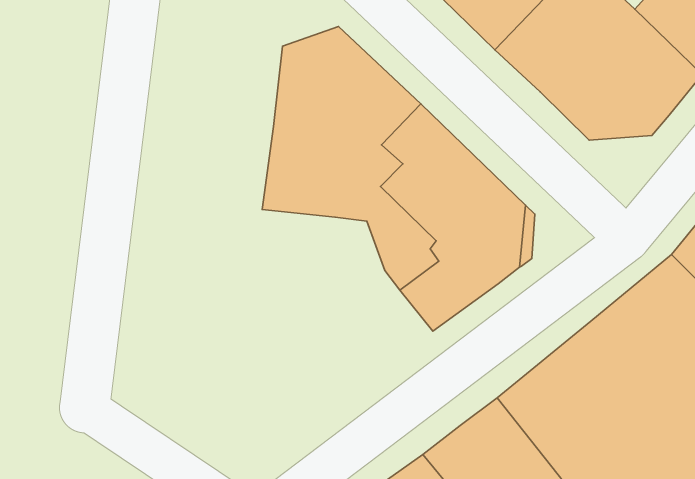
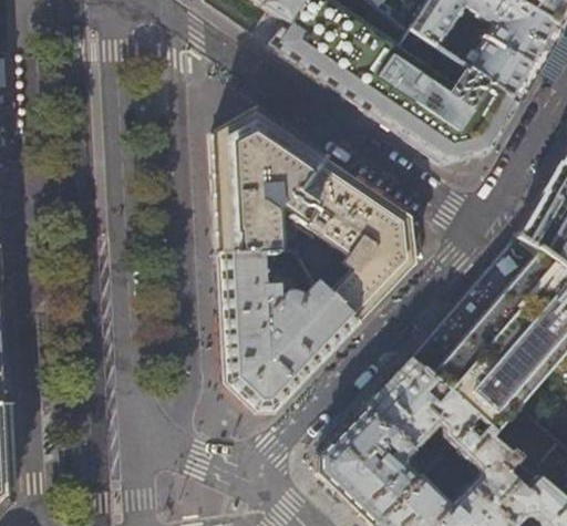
building: none -> [223,246,360,406]

